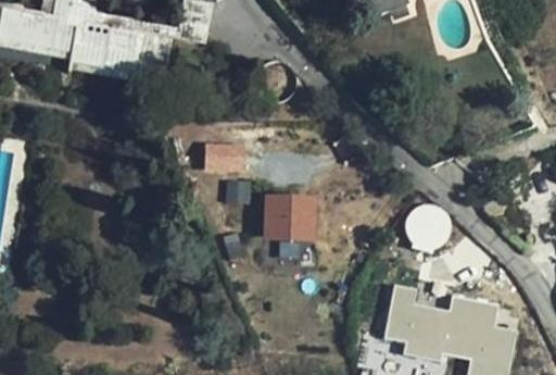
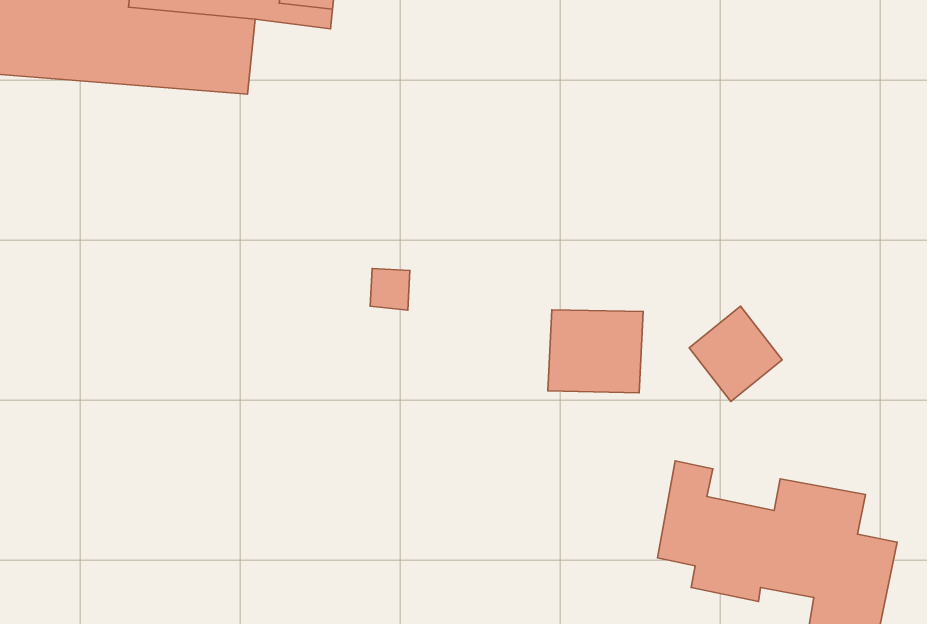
building: [206,142,245,171] -> none
building: [264,195,316,240] -> [548,310,643,393]

